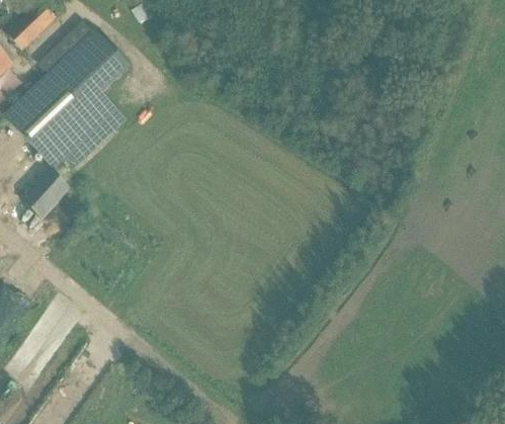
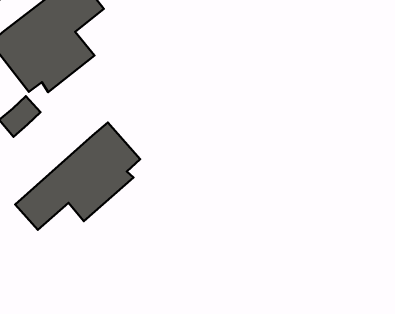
building: none -> [15,123,140,230]

